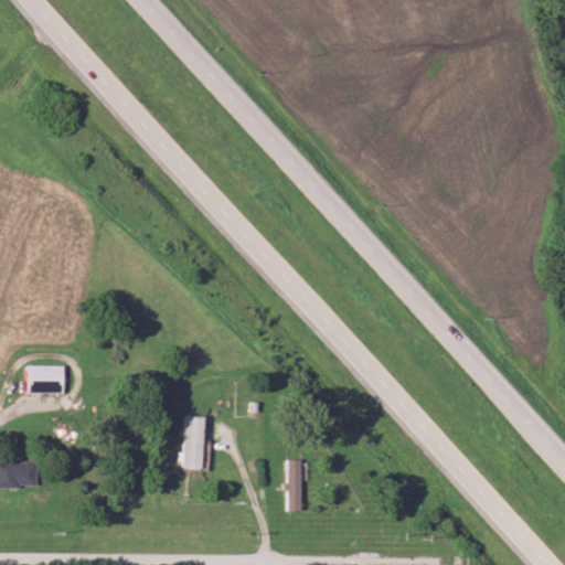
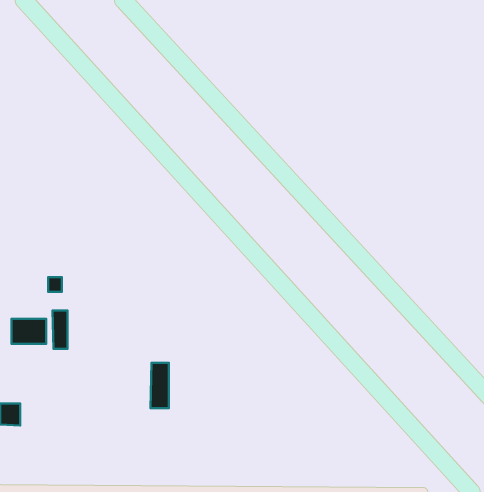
building: none -> [53,311,68,349]
building: [289,459,305,511] -> none

